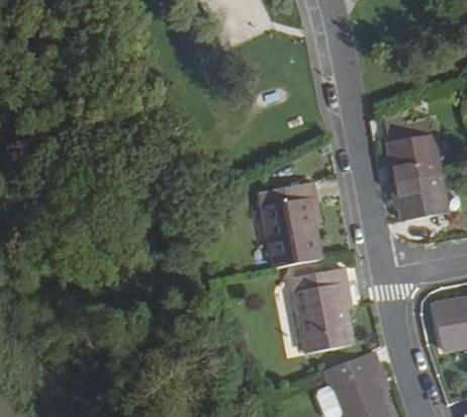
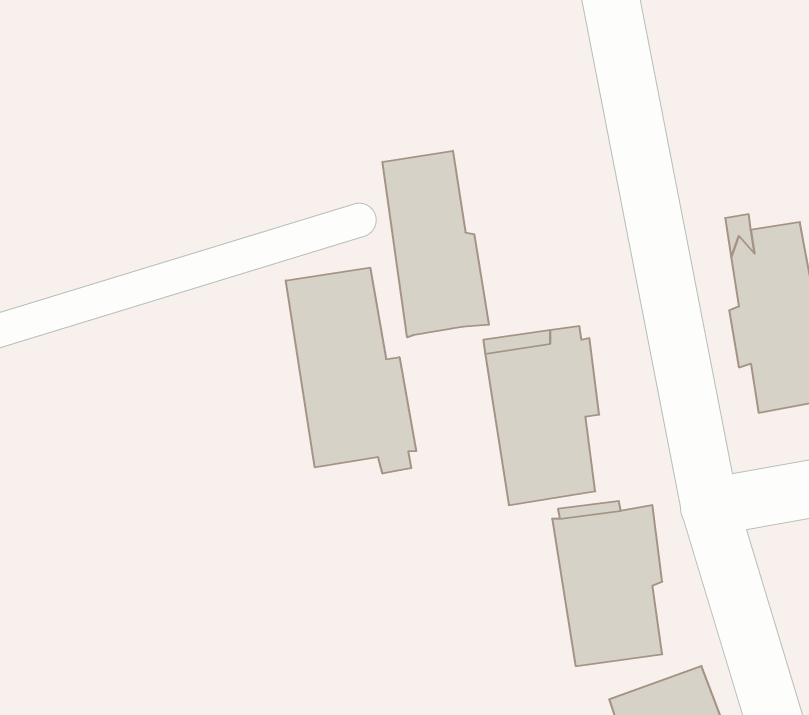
building: none -> [383,151,489,337]
building: none -> [286,268,416,474]

